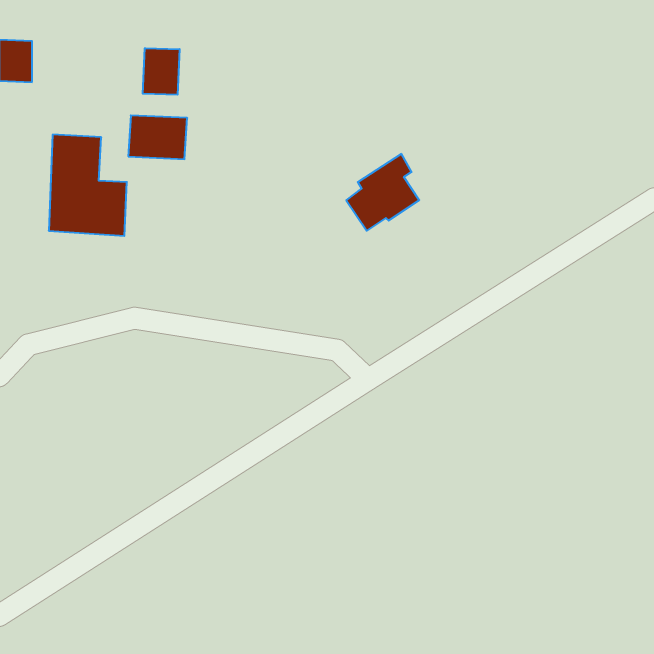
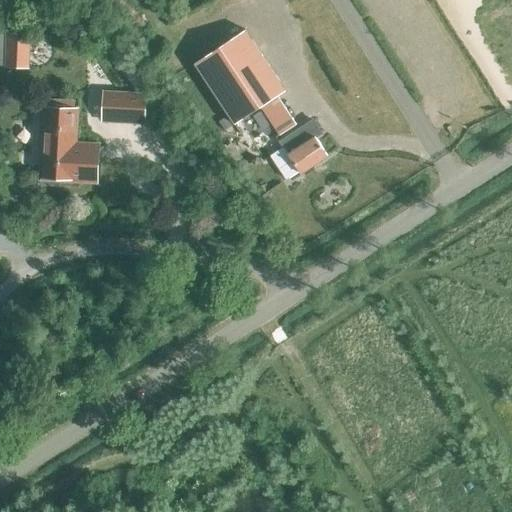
building: none -> [194,30,295,136]
building: [143,48,180,95] -> none

